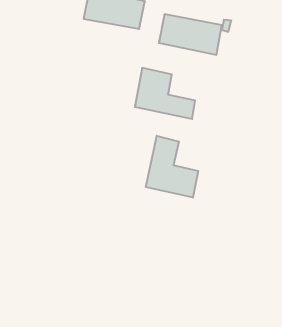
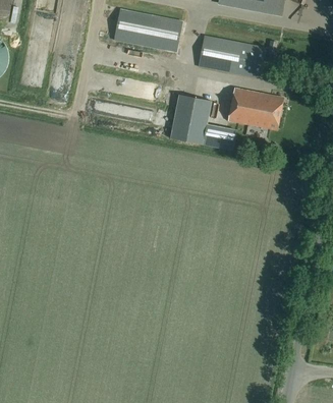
building: none -> [227,88,282,129]
building: [146,136,198,198] -> none

